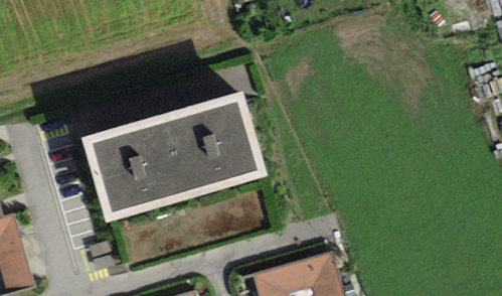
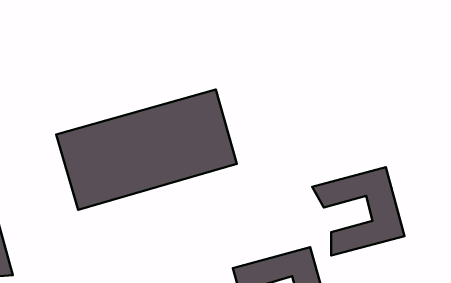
building: none -> [312,167,405,256]

